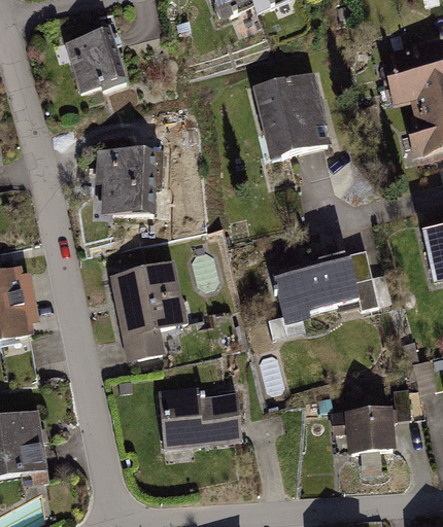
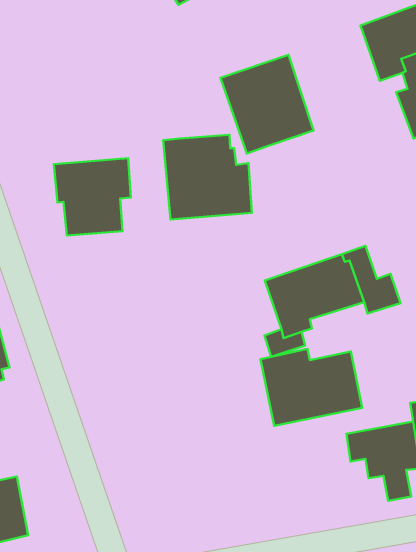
building: [65,25,129,91] -> none
building: none -> [163,135,252,220]
building: [109,261,188,361] -> none
building: [157,385,242,450] -> [261,349,362,426]

